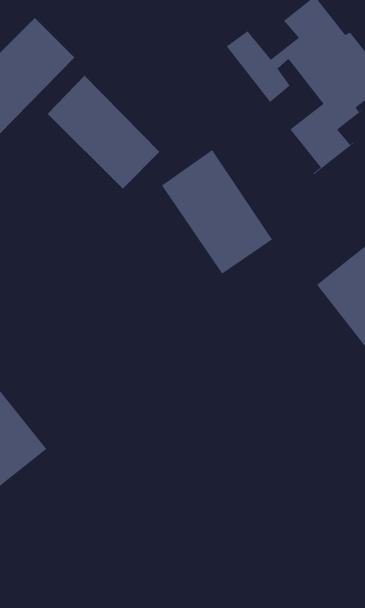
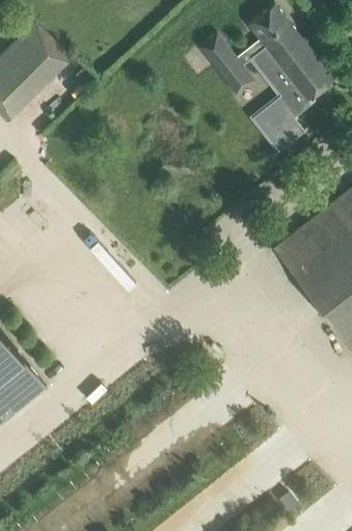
building: [47,75,160,189] -> none
building: [161,149,273,275] -> none

